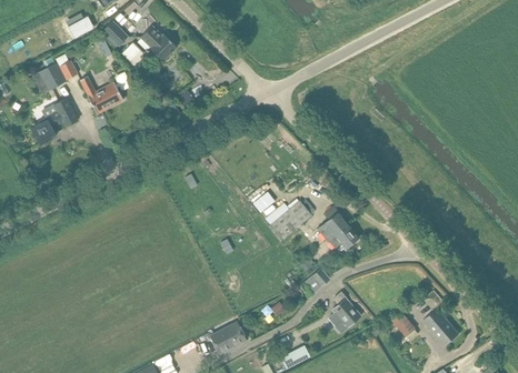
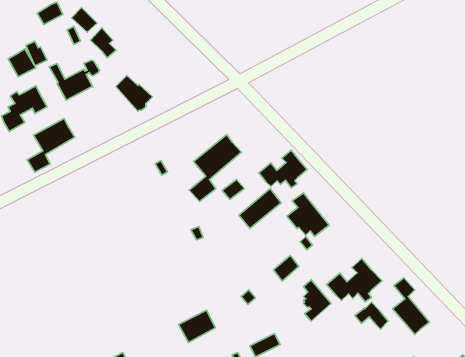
building: [139,26,176,61] -> [116,75,152,111]
building: none -> [27,118,75,172]
building: none -> [189,134,241,202]
building: none -> [259,150,307,188]
building: none -> [327,258,382,302]

